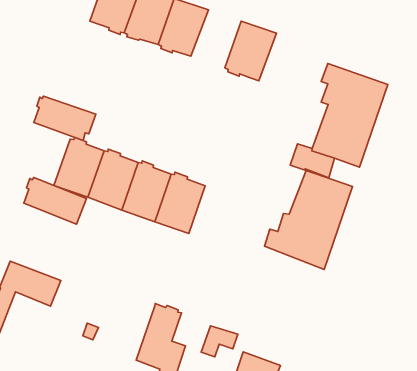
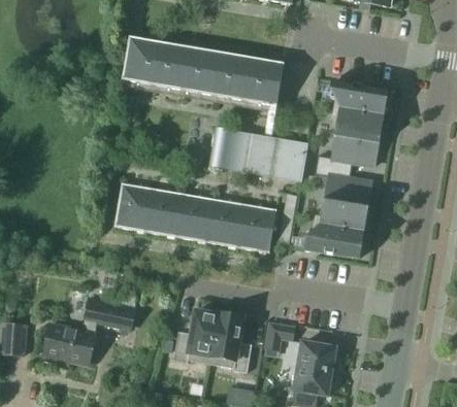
building: none -> [214,53,252,100]
building: none -> [210,105,306,179]
building: [34,96,96,140] -> none
building: [24,178,87,224] -> none
building: none -> [237,203,275,252]
building: none -> [172,310,219,364]

